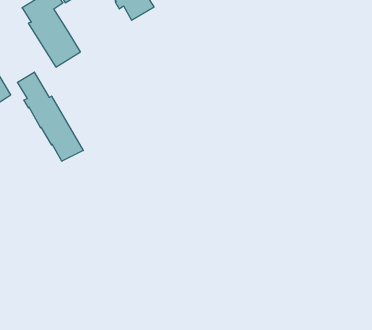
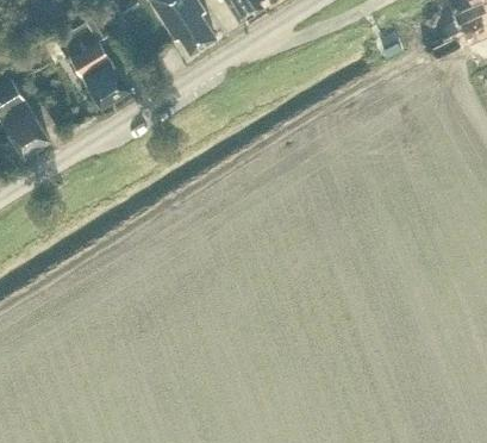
building: [17,72,83,161] -> none

